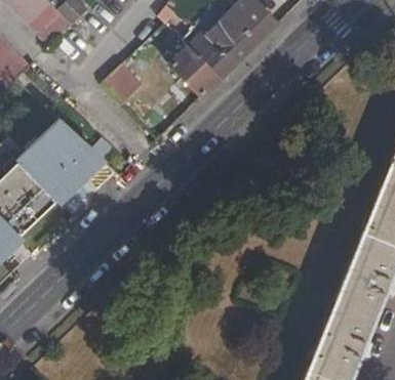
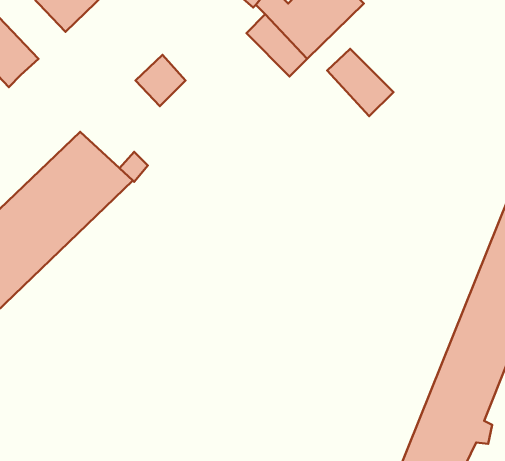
building: [170,47,221,98] -> [327,49,393,116]

